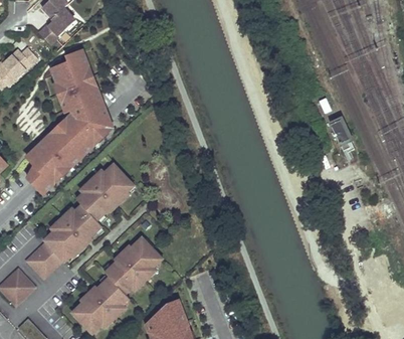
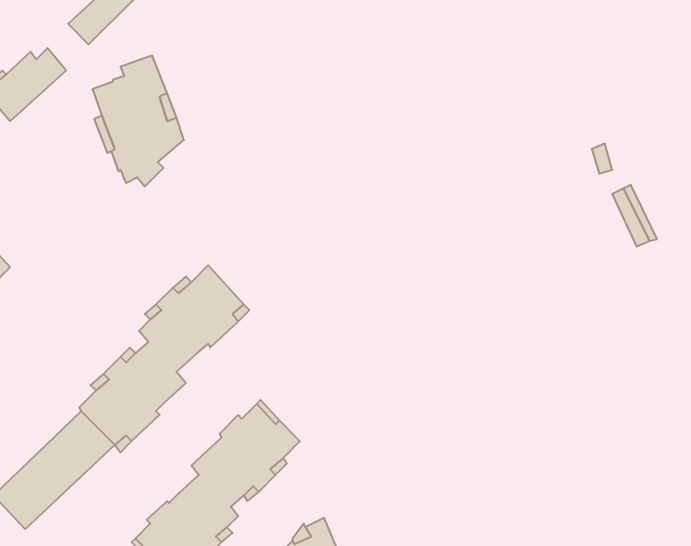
building: [26,96,113,194] -> none

